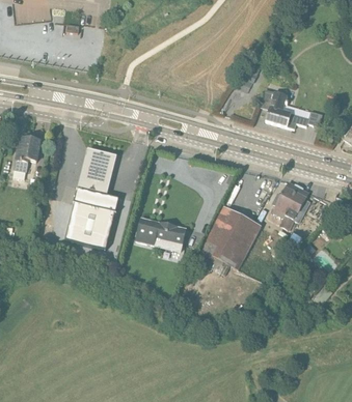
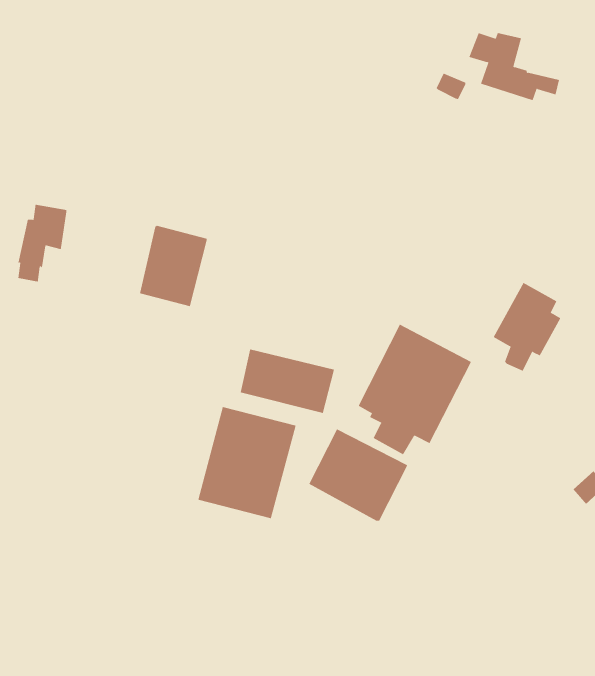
building: [260,89,309,126] -> [469,32,560,101]
building: [65,188,119,249] -> [198,407,296,519]
building: none -> [309,428,408,521]

